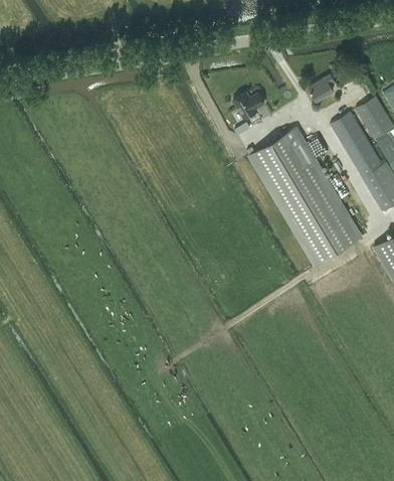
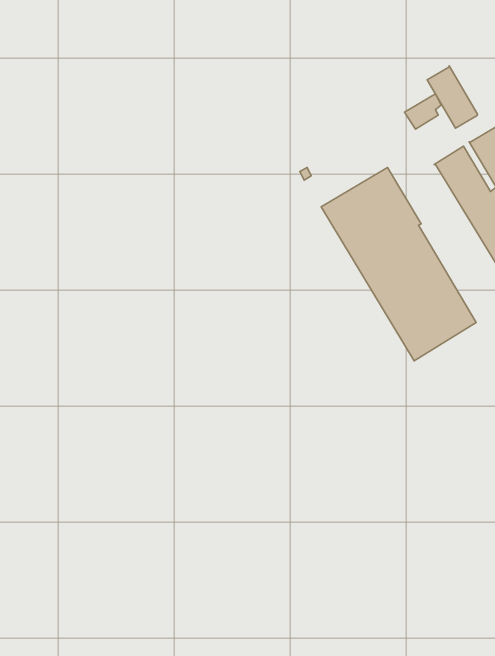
building: none -> [427,66,478,128]
building: [233,93,264,119] -> none

